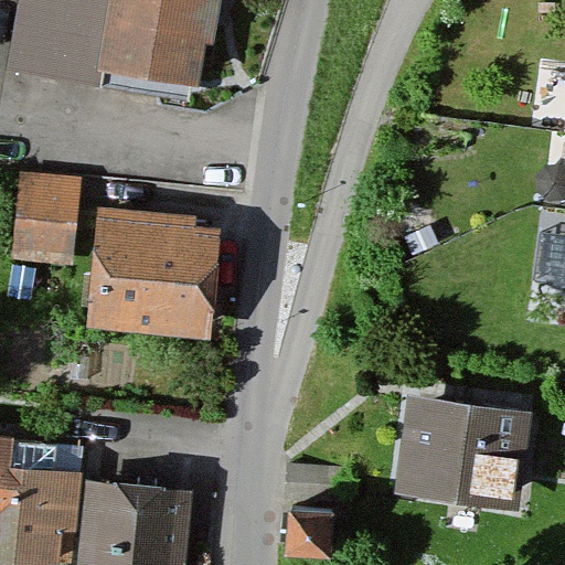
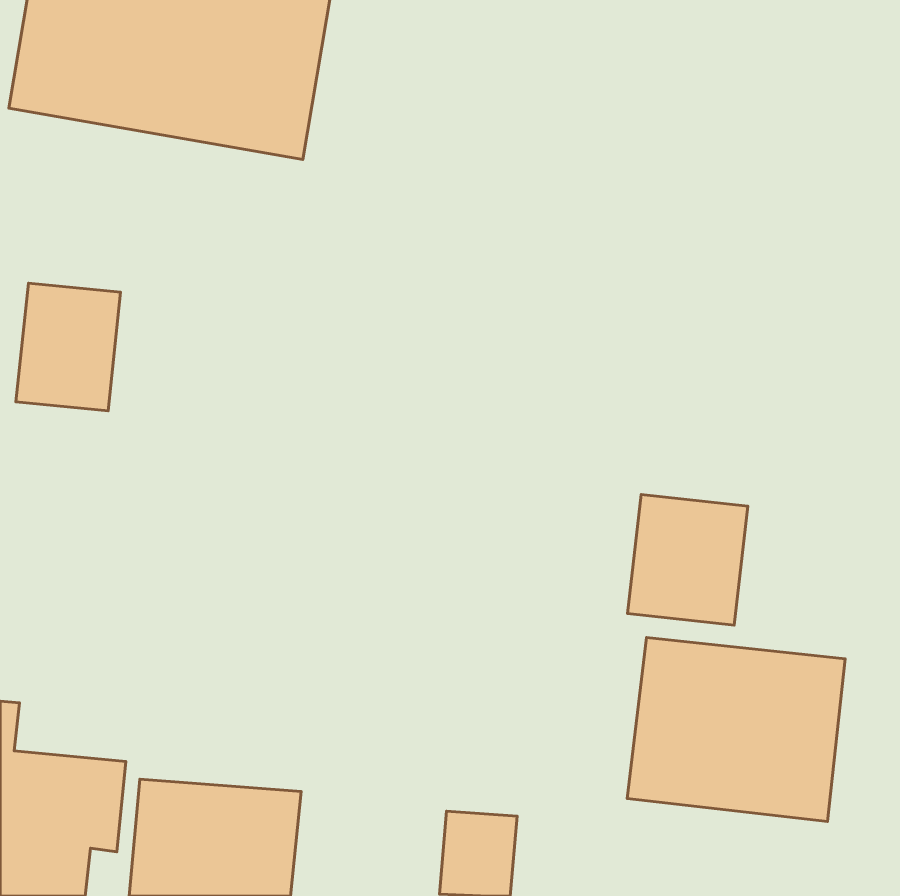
building: [87,207,220,338] -> none
building: none -> [628,495,748,625]

